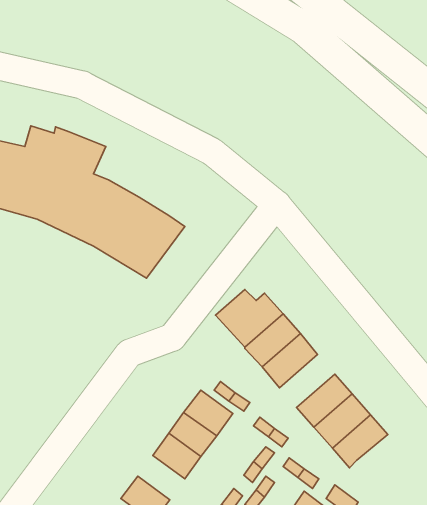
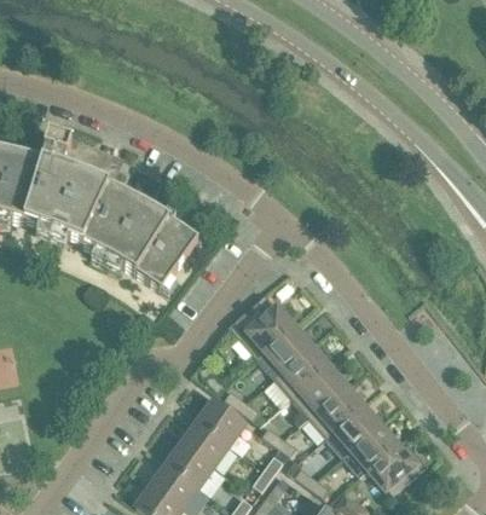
building: none -> [293,363,347,423]
building: none -> [369,441,427,487]
building: none -> [154,462,199,505]

